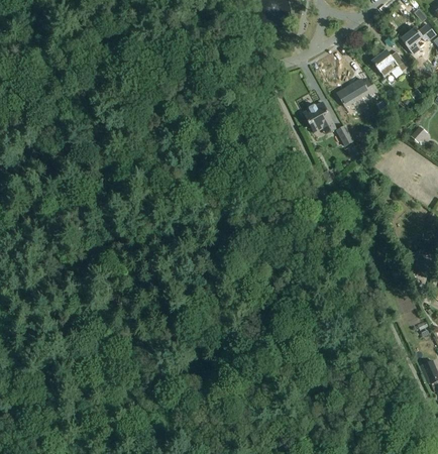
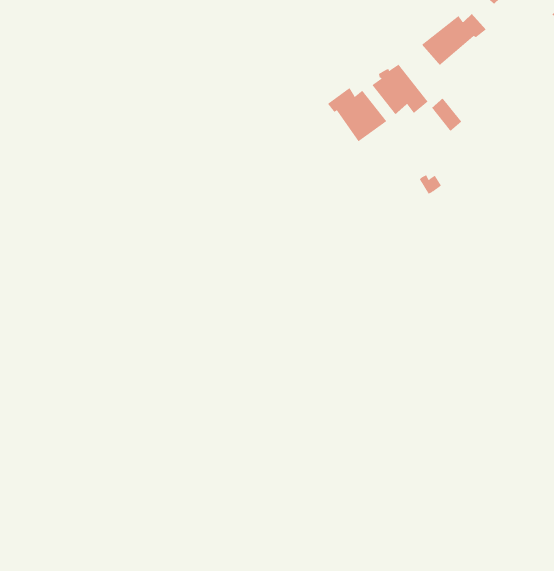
building: none -> [327,87,387,142]

